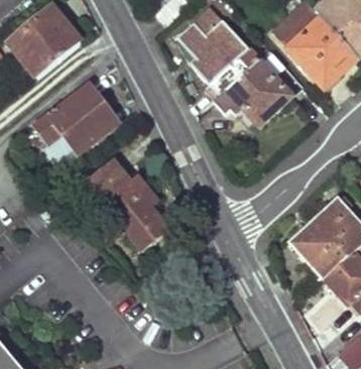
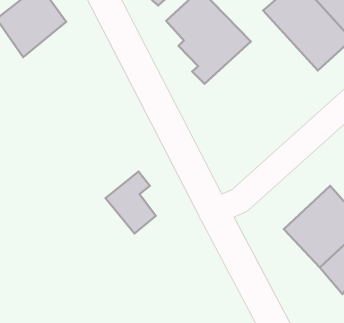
building: [215,49,304,136] -> none
building: [37,82,119,163] -> none
building: [91,160,150,212] -> none

